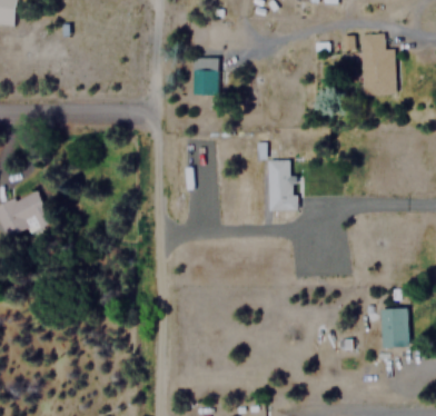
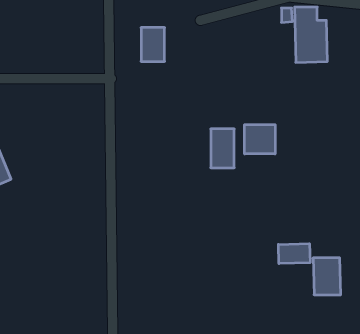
building: none -> [245,125,275,154]
building: none -> [278,244,310,264]

